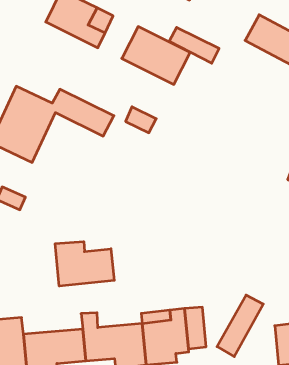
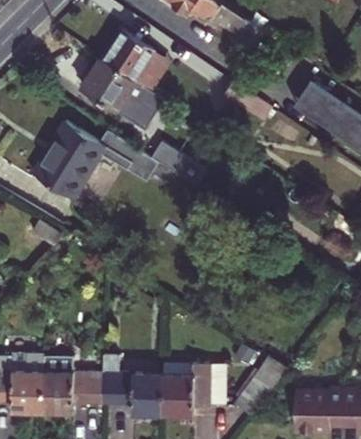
building: [122,27,190,84] -> [82,61,151,123]
building: [55,242,114,286] -> none

